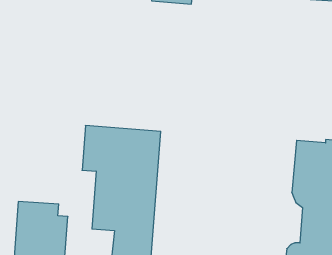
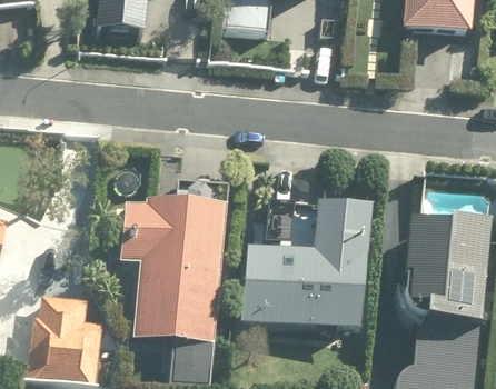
building: none -> [242,198,373,327]

